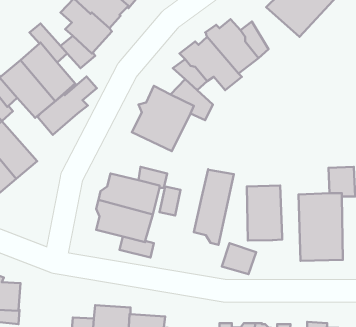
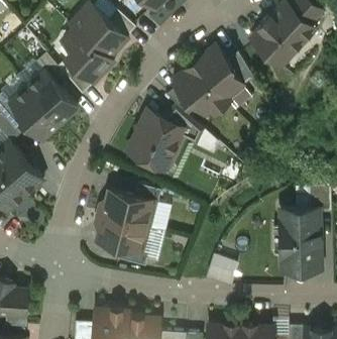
building: [38,76,97,135] -> none
building: [194,169,234,245] -> none
building: [247,186,282,240] -> none

